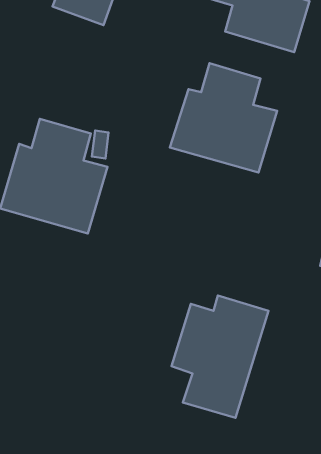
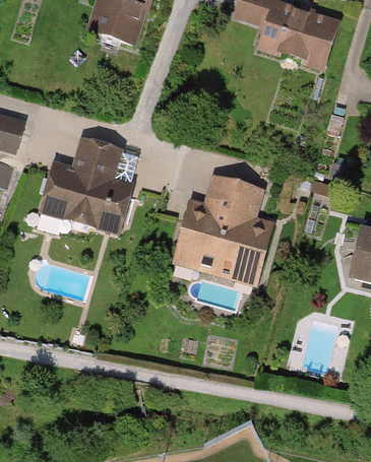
building: [170,63,277,172] -> [172,176,276,282]
building: [171,295,268,418] -> none

